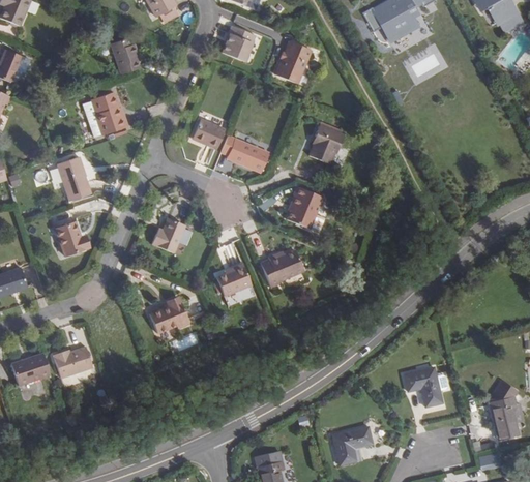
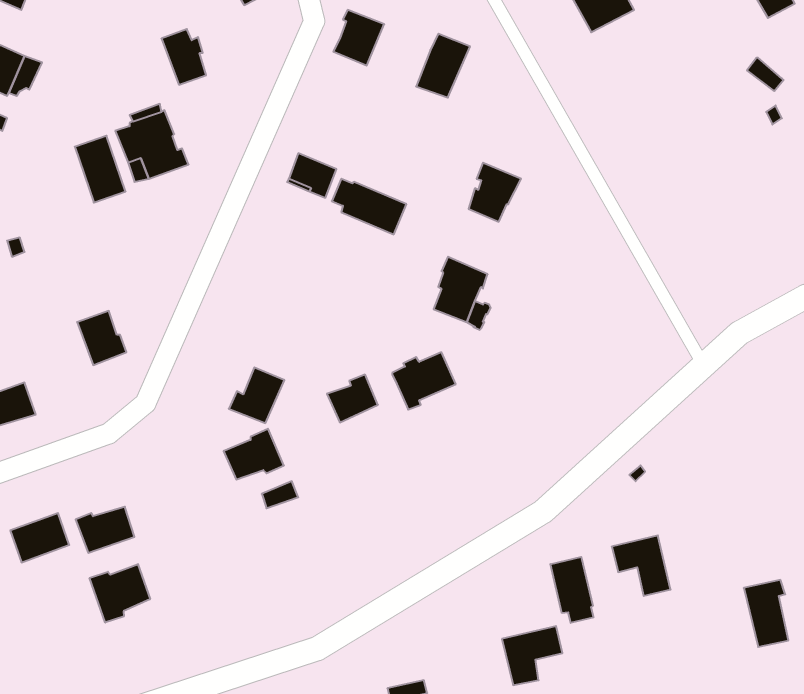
building: [57,157,90,201] -> [75,136,126,203]
building: [151,216,187,252] -> [229,367,284,423]
building: none -> [550,557,593,623]
building: none -> [90,564,150,623]

